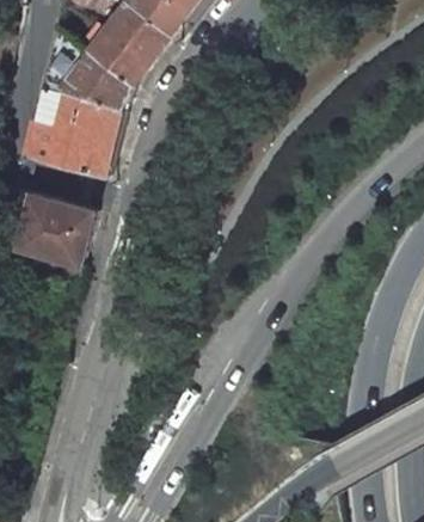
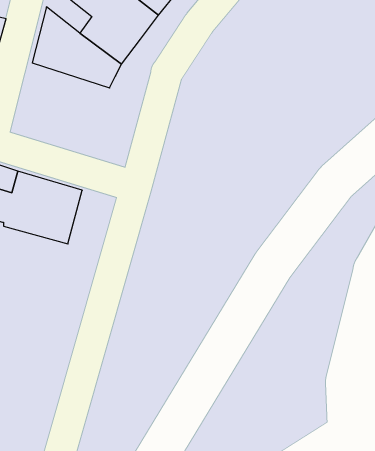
building: [24,87,121,180] -> none

